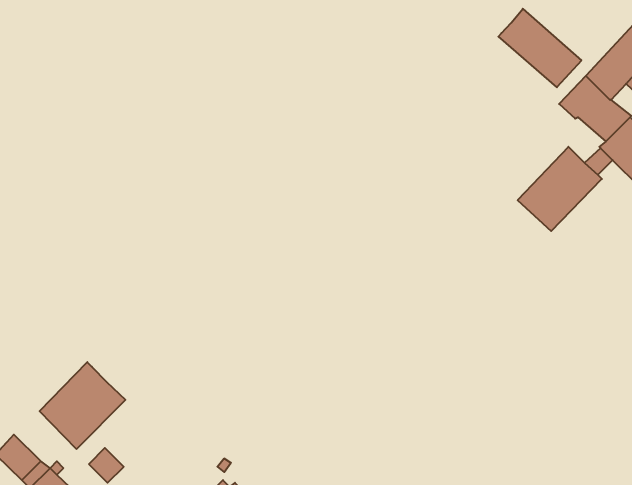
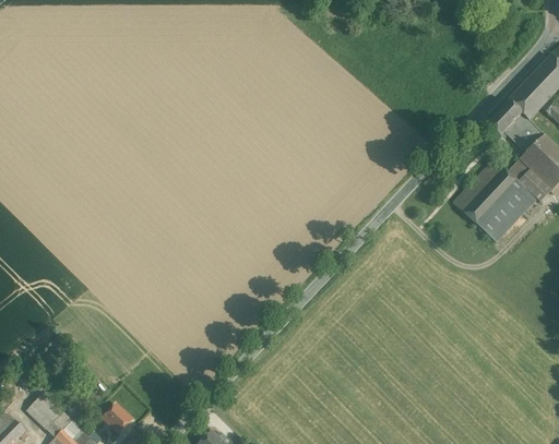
building: [498,9,581,87] -> none
building: none -> [480,184,537,242]
building: [40,362,125,449] -> none

